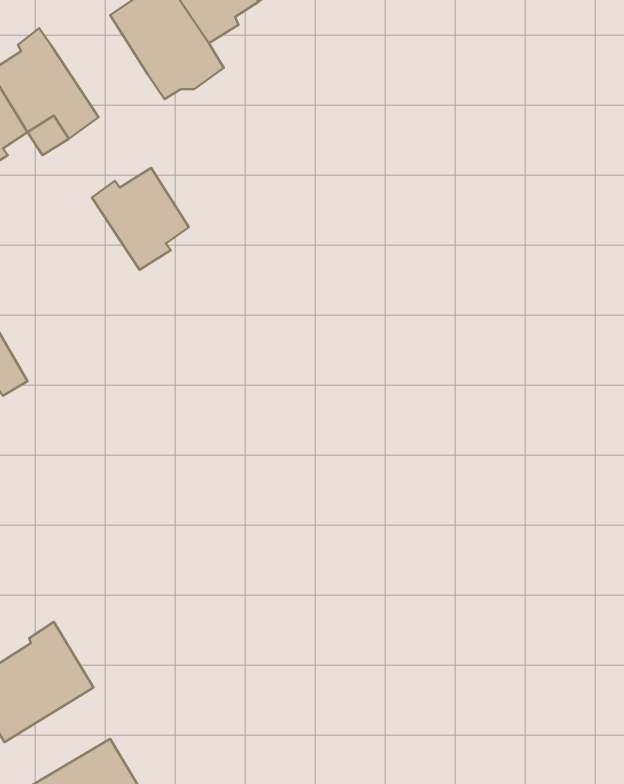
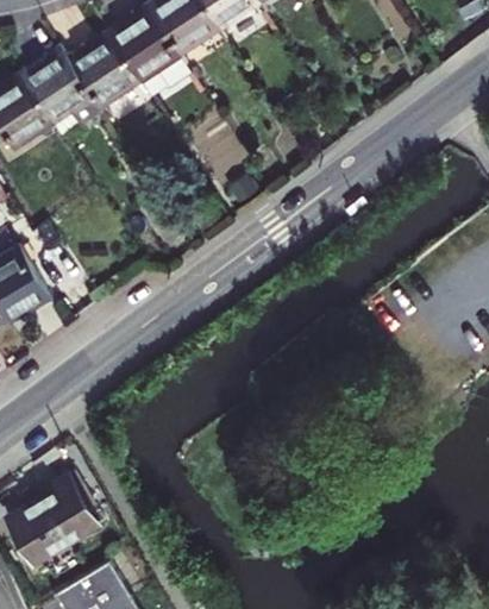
building: [92,168,189,270] -> [65,38,136,112]

